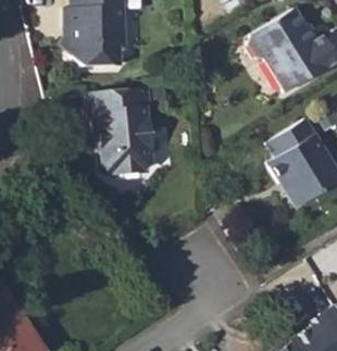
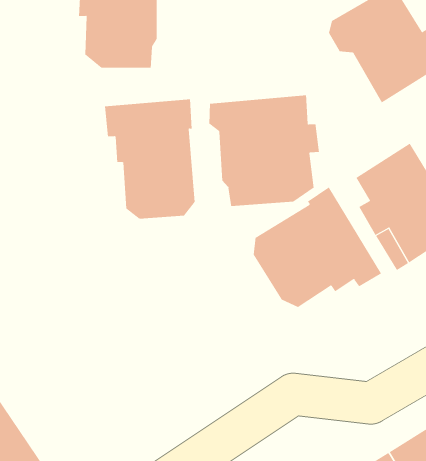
building: none -> [209,95,320,207]
building: none -> [253,186,382,308]

